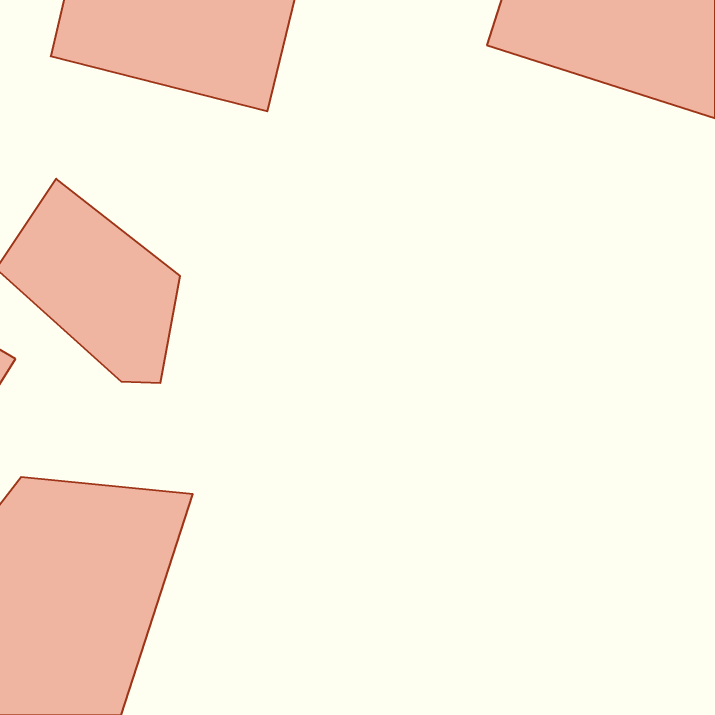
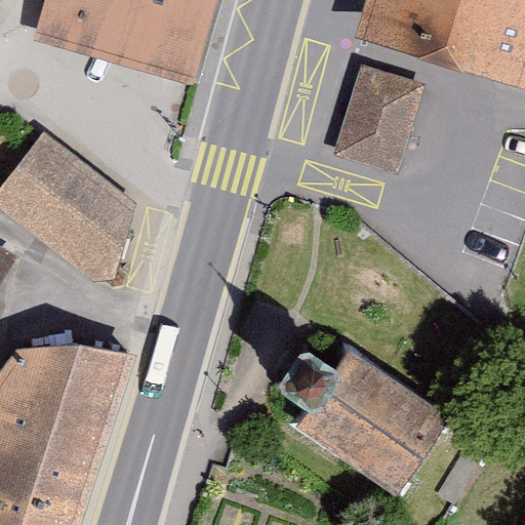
building: none -> [333,63,427,164]
building: none -> [273,347,443,492]

